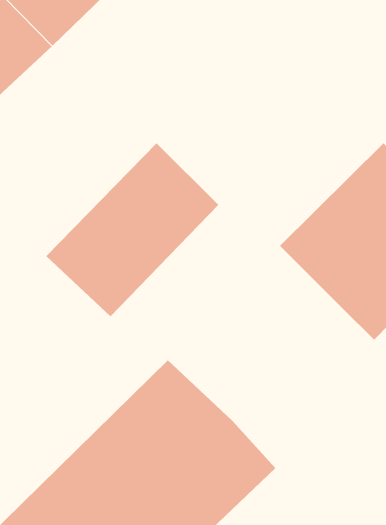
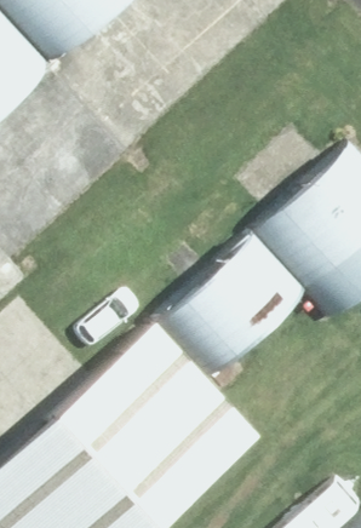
building: [45,142,219,317] -> [156,240,311,396]

